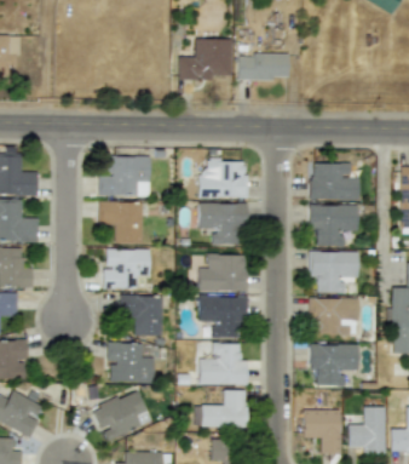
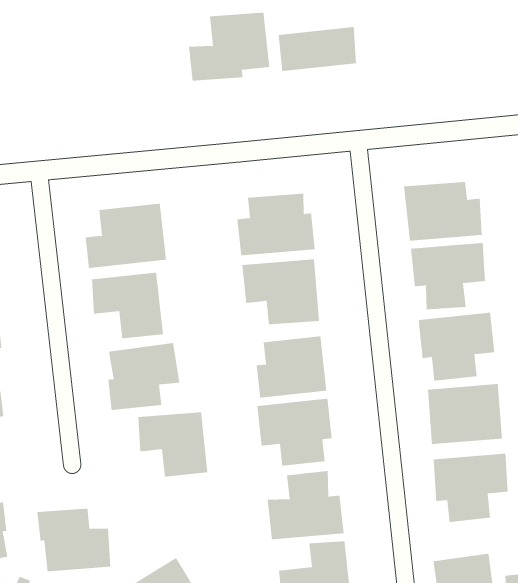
building: [108,343,154,384] -> [37,508,111,572]

